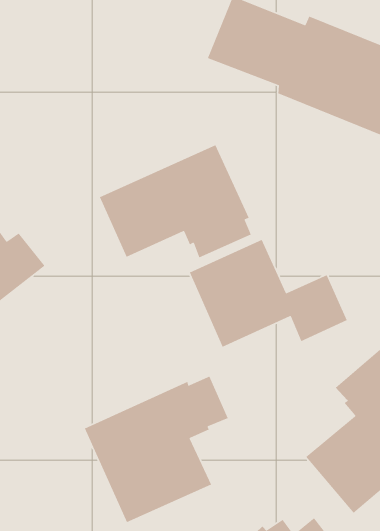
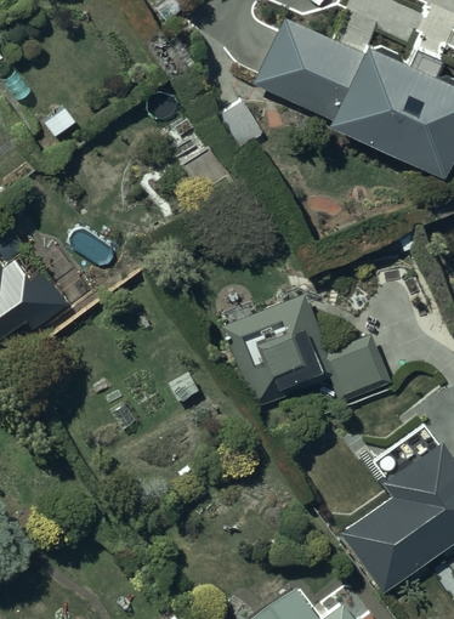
building: [99,144,252,258] -> none
building: [84,375,229,523] -> none

